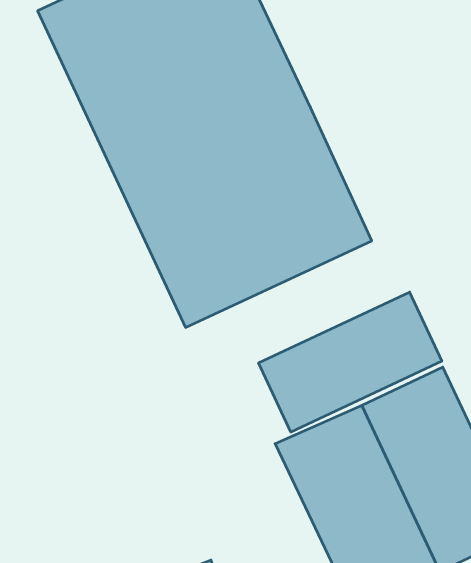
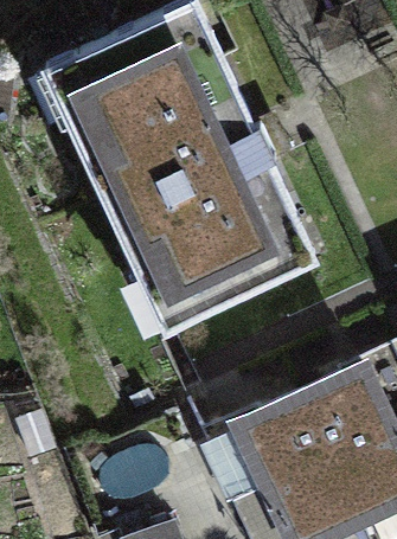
building: [259,292,442,432] -> none

